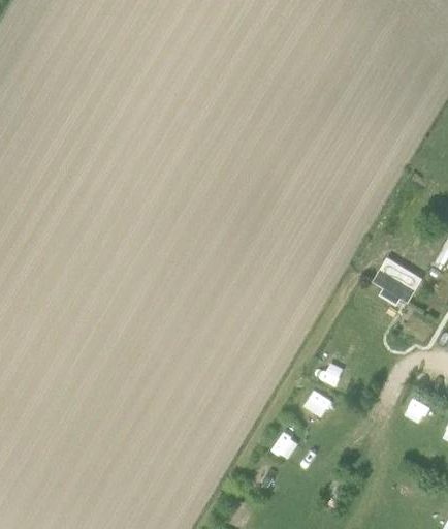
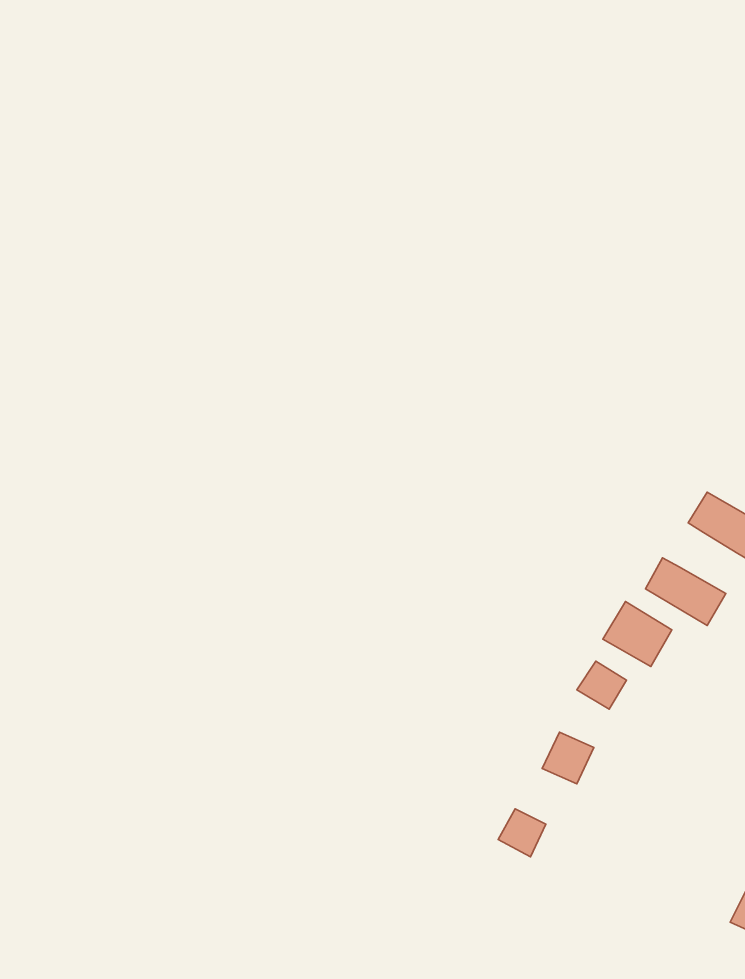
building: none -> [646,558,726,625]
building: none -> [603,602,672,666]

